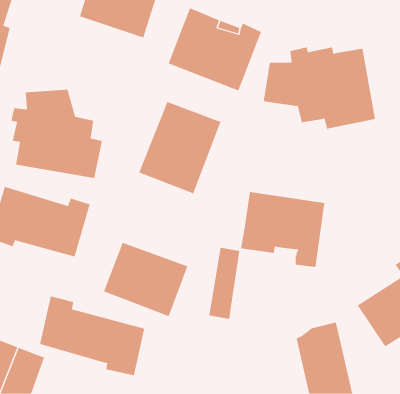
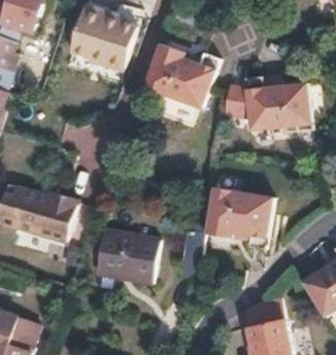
building: [11,89,103,179] -> none
building: [139,101,221,194] -> none
building: [39,295,145,376] -> none

